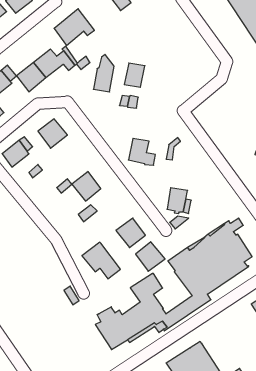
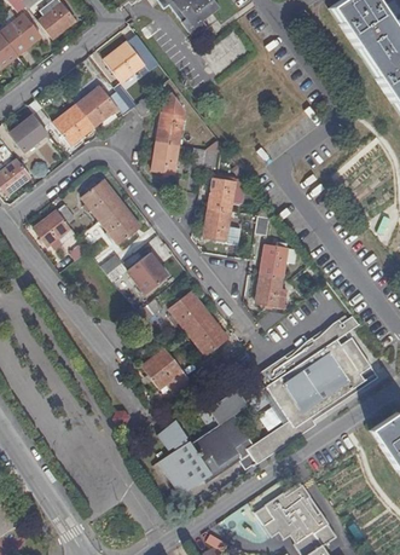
building: [124,63,145,87] -> [150,141,178,174]
building: none -> [209,179,242,212]
building: none -> [98,203,139,244]
building: none -> [260,242,297,278]
building: [136,242,165,271] -> [169,293,209,333]

